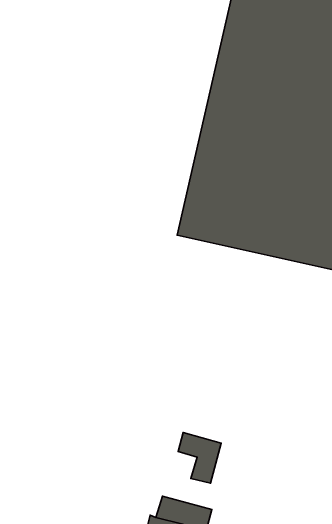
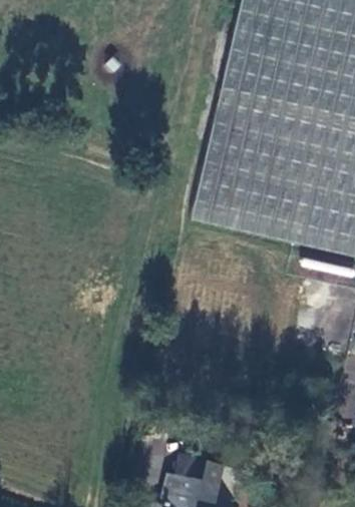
building: [178,433,221,483] -> none

